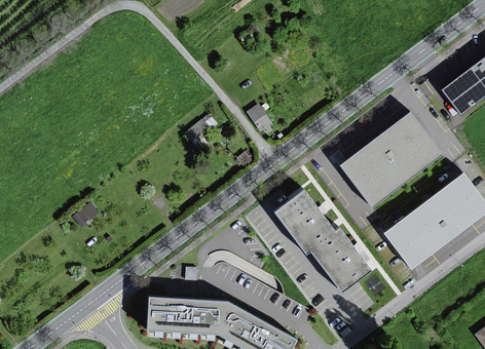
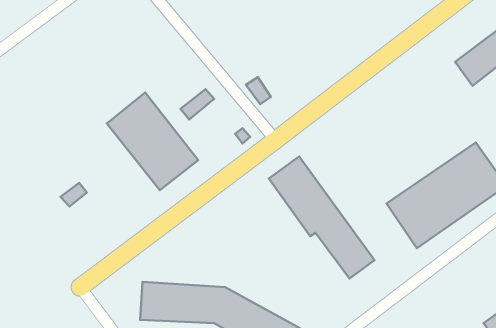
building: [341,114,441,205] -> none
building: none -> [107,93,198,190]

